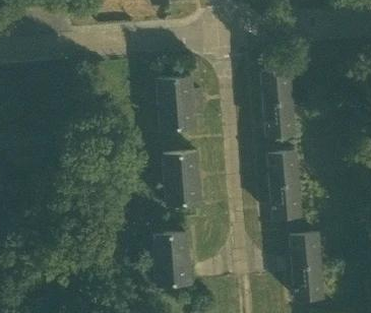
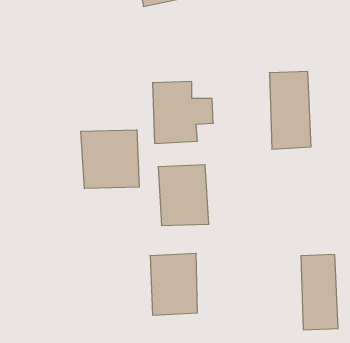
building: none -> [81,130,139,189]
building: [267,149,301,217] -> none

